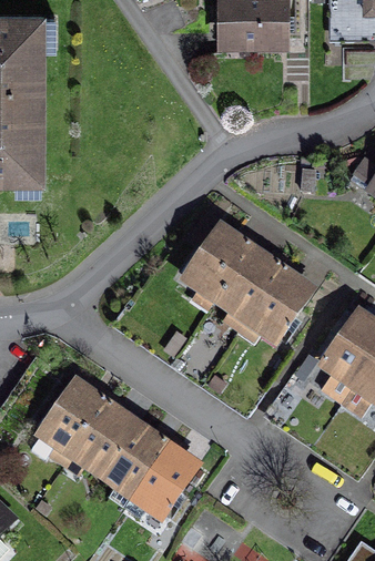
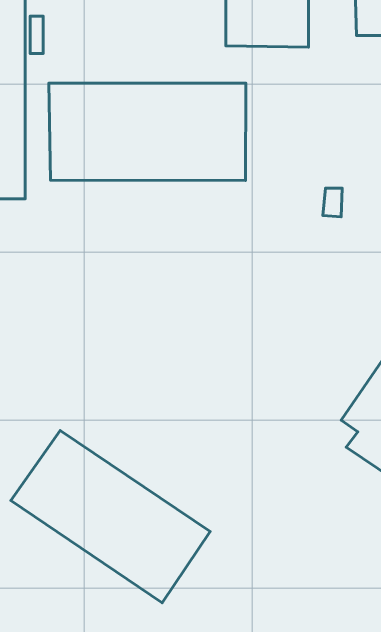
building: none -> [49,83,246,180]
building: [178,221,317,347] -> none

